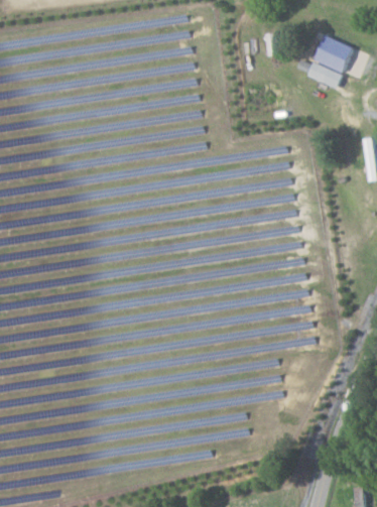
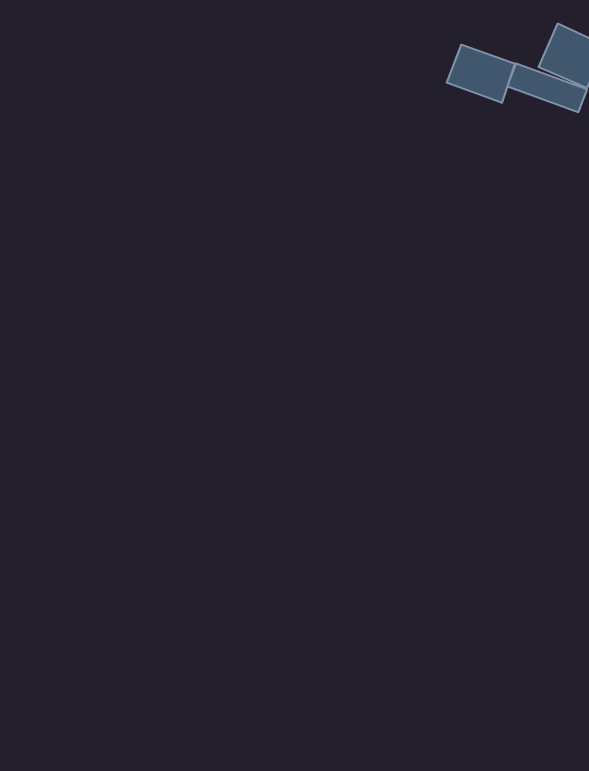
building: none -> [447,45,515,103]

